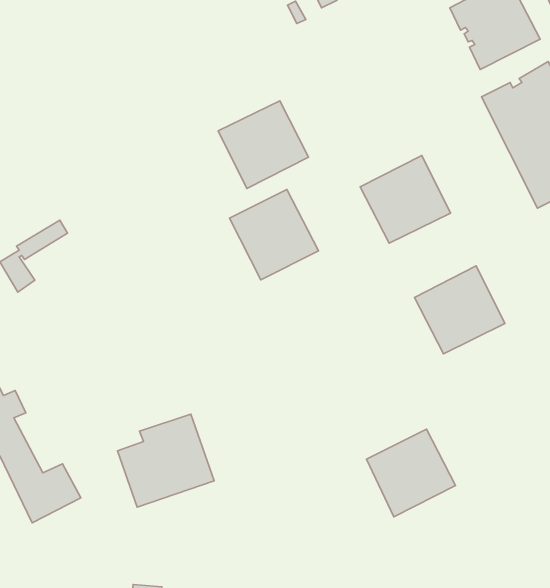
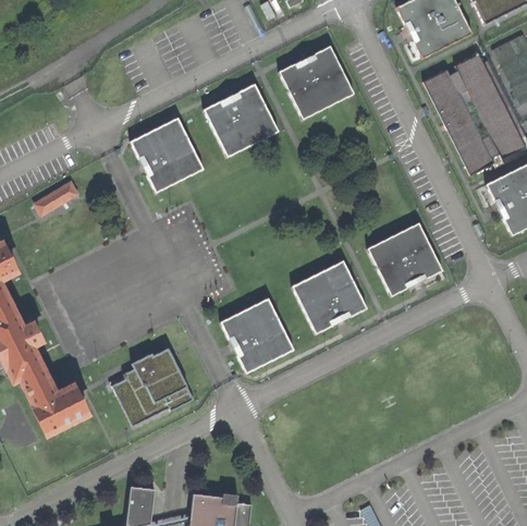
building: [360,155,451,243] -> [278,46,353,119]
building: [229,189,318,280] -> [130,118,204,193]
building: none -> [220,297,293,371]
building: [366,429,455,517] -> [292,259,366,332]

